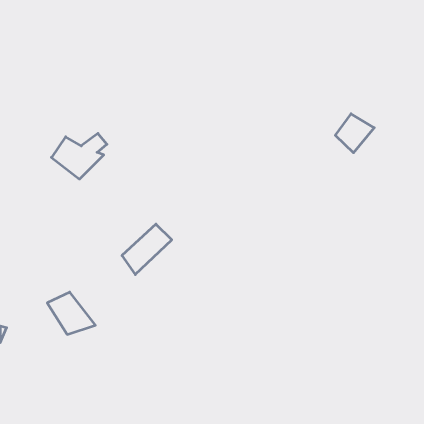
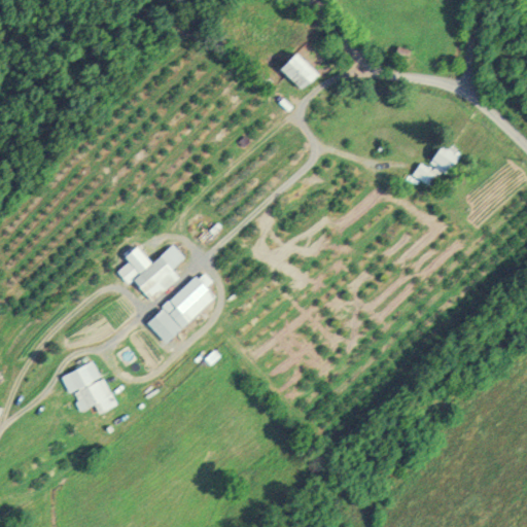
building: none -> [285,55,324,93]
building: [51,133,107,179] -> [115,243,184,300]

